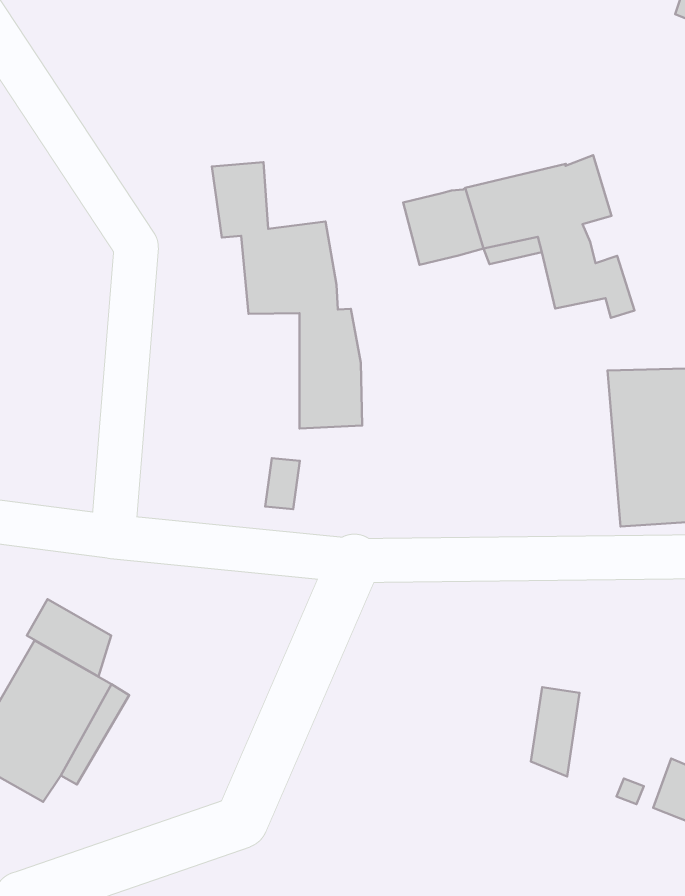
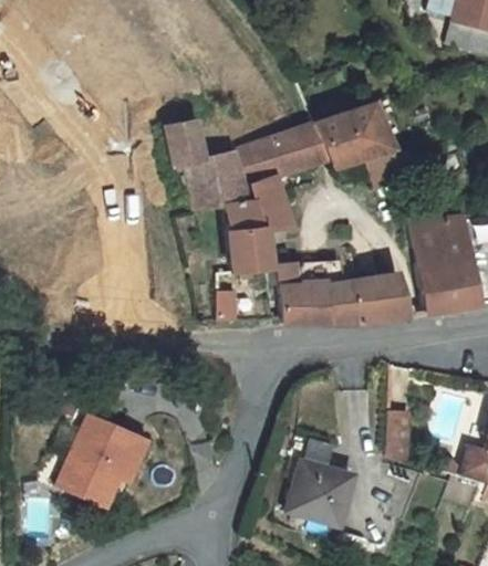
building: none -> [239,135,293,231]
building: none -> [278,262,406,323]
building: [27,599,111,677] -> none
building: none -> [288,434,354,525]

